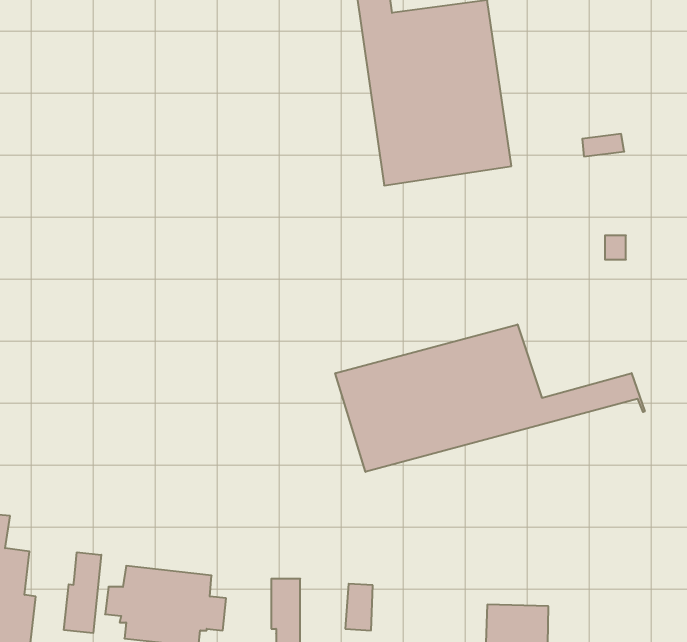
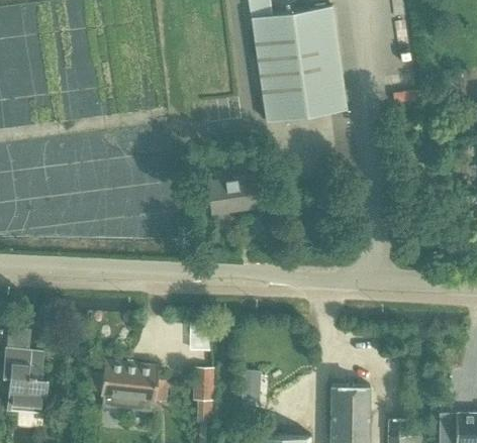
building: none -> [208,178,259,215]
building: [335,324,645,472] -> none
building: [64,552,101,633] -> none

